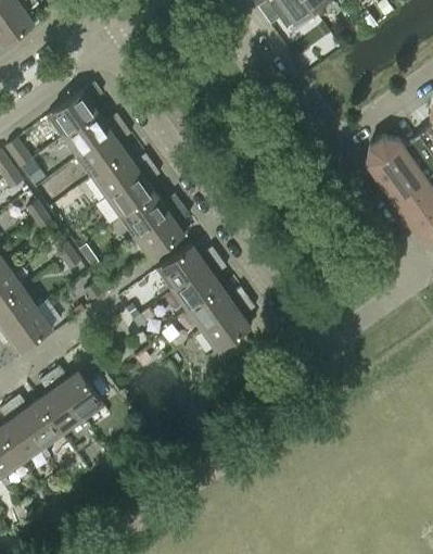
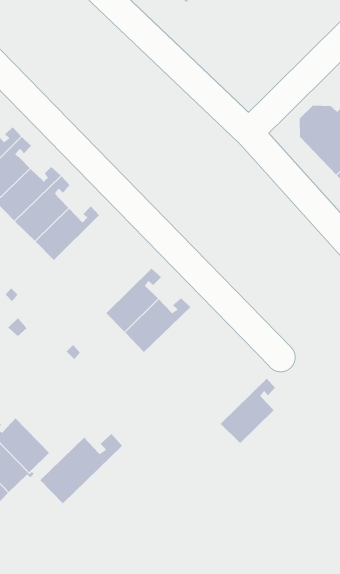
building: [135,204,189,260] -> none
building: [157,244,219,291] -> none
building: [201,298,255,352] -> [220,378,276,444]
building: none -> [40,433,123,504]

